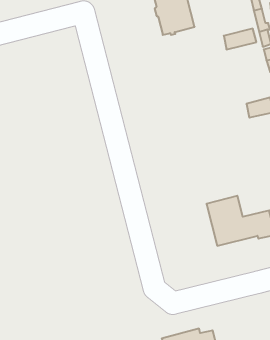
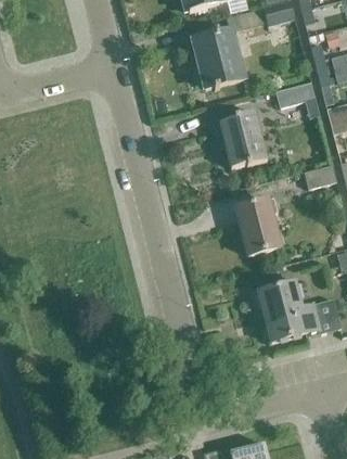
building: none -> [215,109,269,167]
building: none -> [236,197,280,254]

